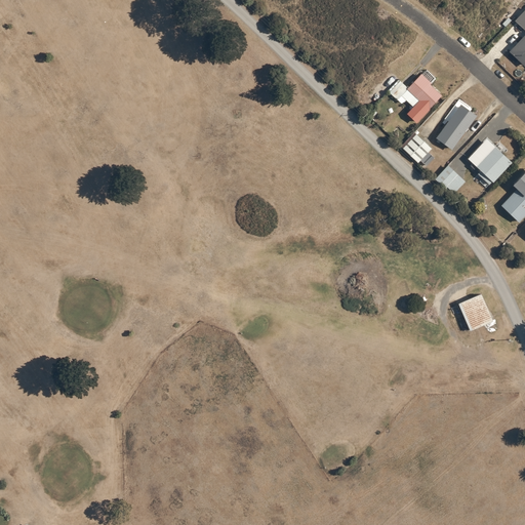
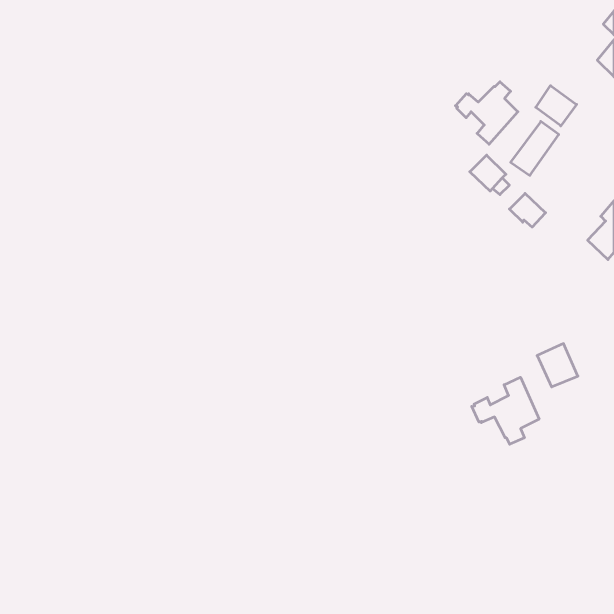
building: none -> [536,86,577,126]
building: [468,138,513,185] -> none
building: none -> [472,377,539,444]

